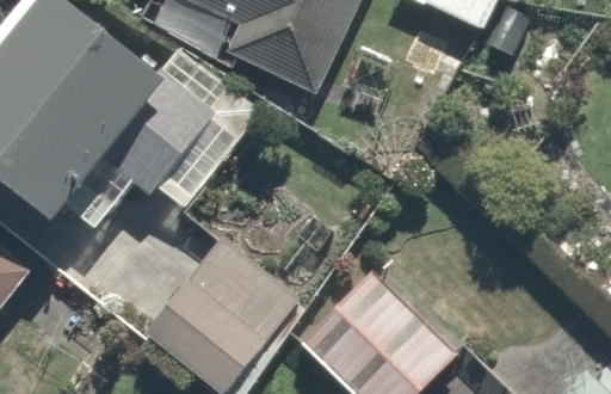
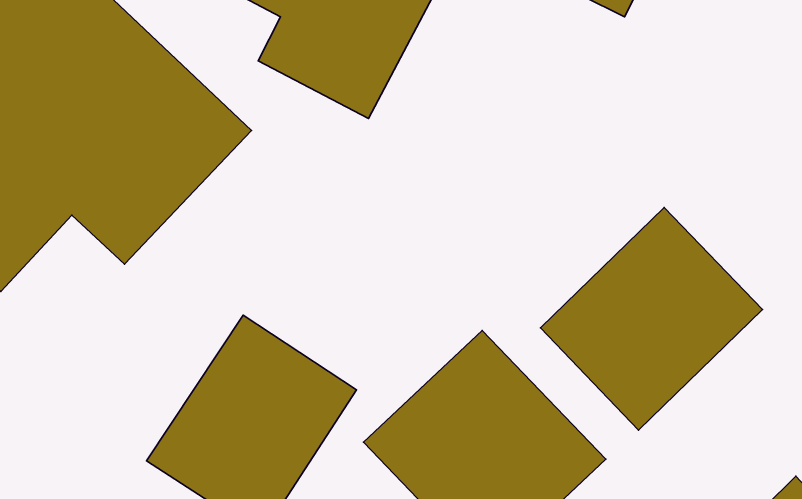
building: none -> [540,207,762,430]

